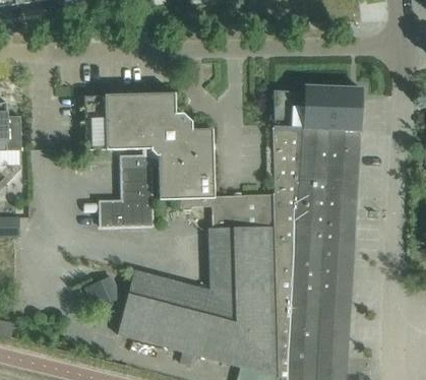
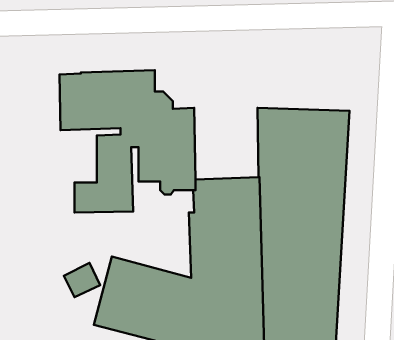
building: [272,85,362,130] -> none

